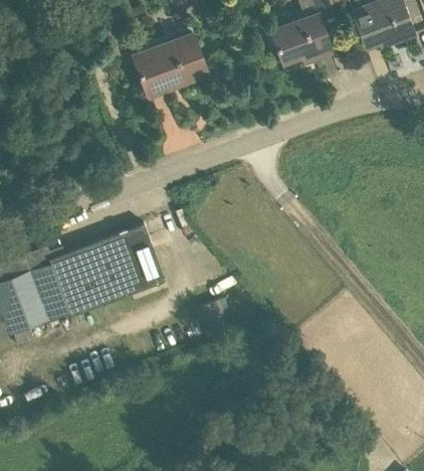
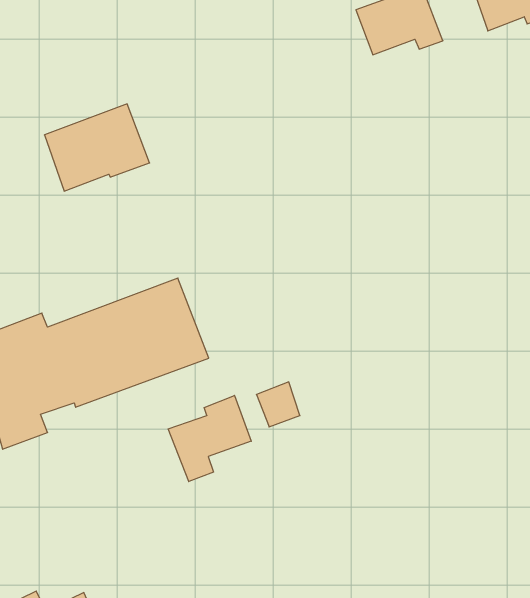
building: [134,33,209,96] -> [44,104,150,191]
building: none -> [168,395,251,482]

